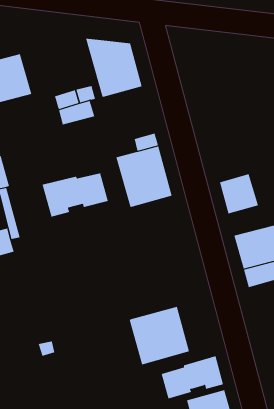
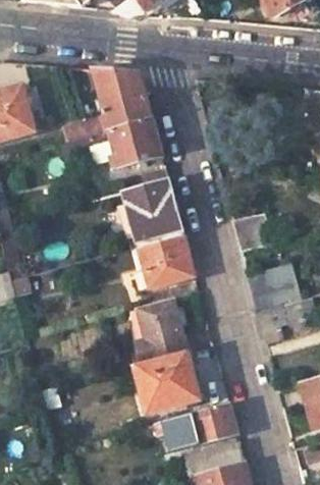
building: none -> [109,119,161,168]
building: [42,173,108,218] -> none
building: none -> [139,234,194,287]
building: none -> [132,297,188,364]

